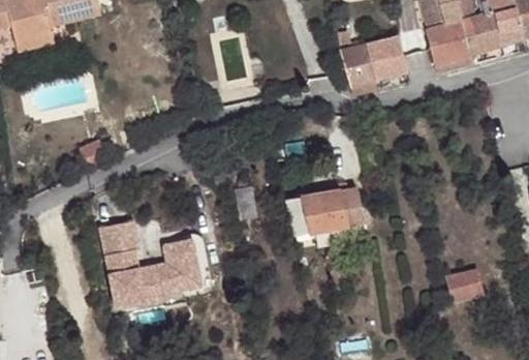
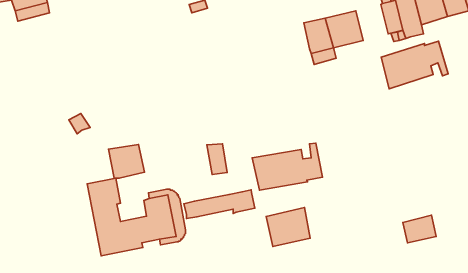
building: none -> [381,41,448,89]
building: none -> [108,144,144,178]
building: none -> [184,190,255,218]
building: none -> [266,207,310,247]

